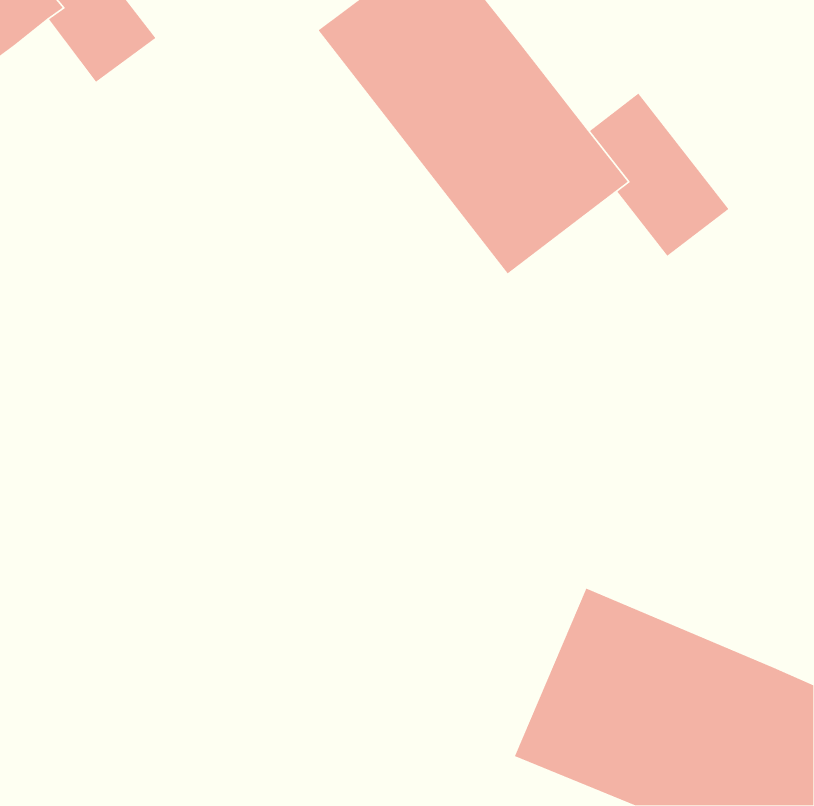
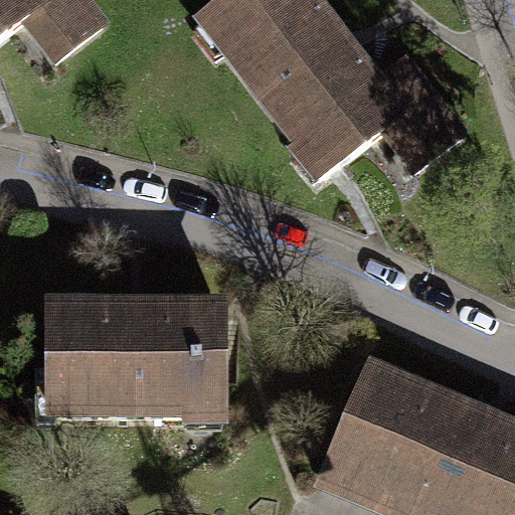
building: none -> [47,314,220,414]

